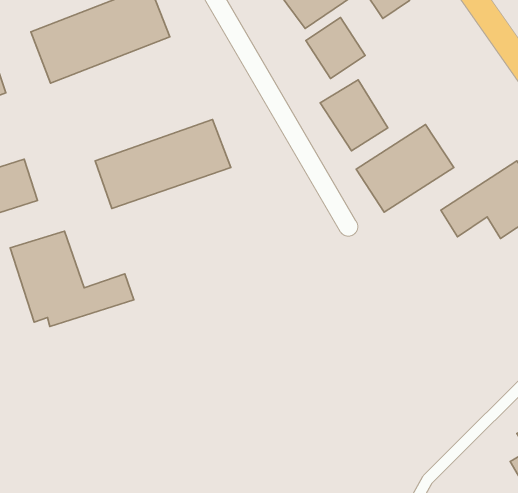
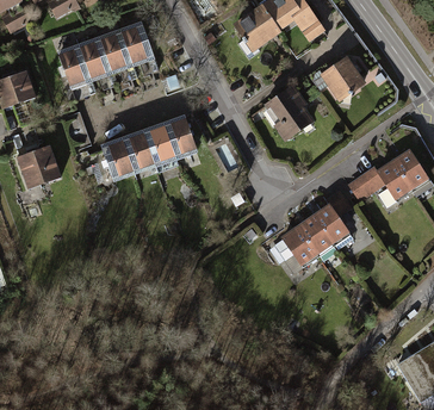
building: [306,17,365,78] -> [317,57,360,101]
building: [356,125,454,212] -> [280,203,351,266]
building: [10,231,134,326] -> none

